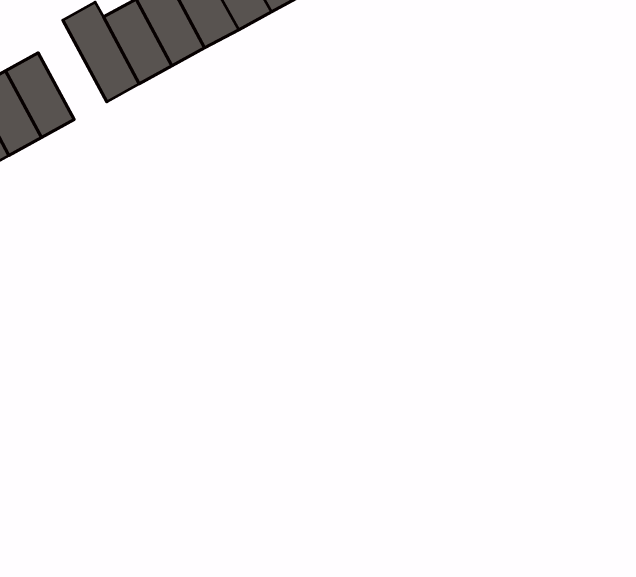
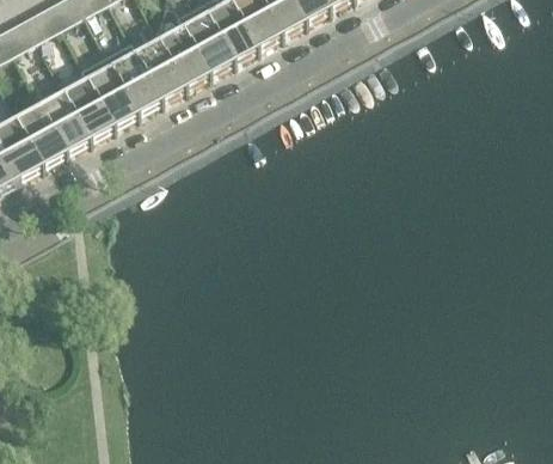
building: none -> [78,55,134,128]

